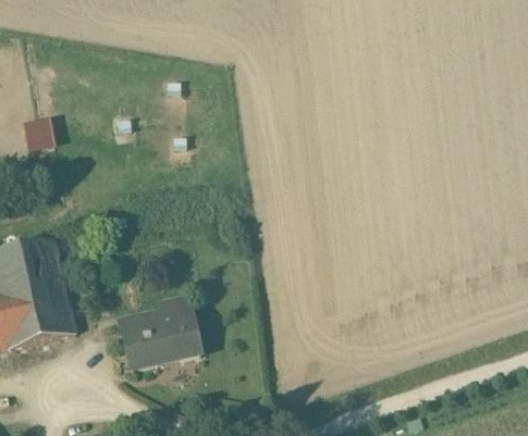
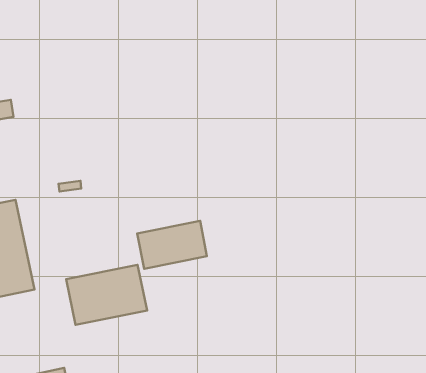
building: none -> [137,221,207,269]

